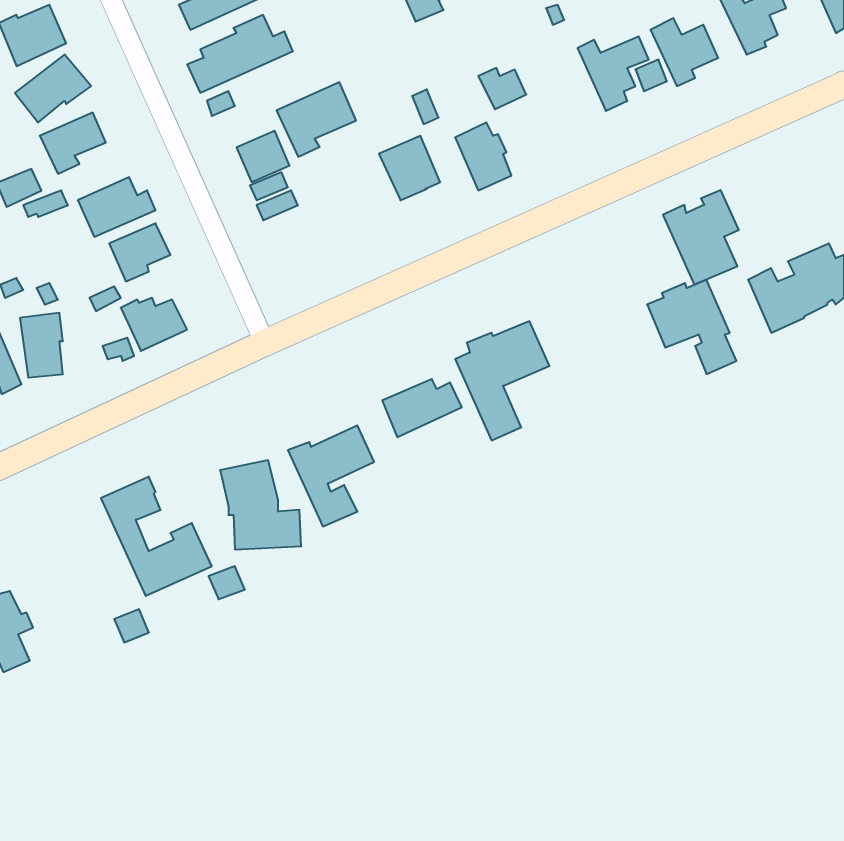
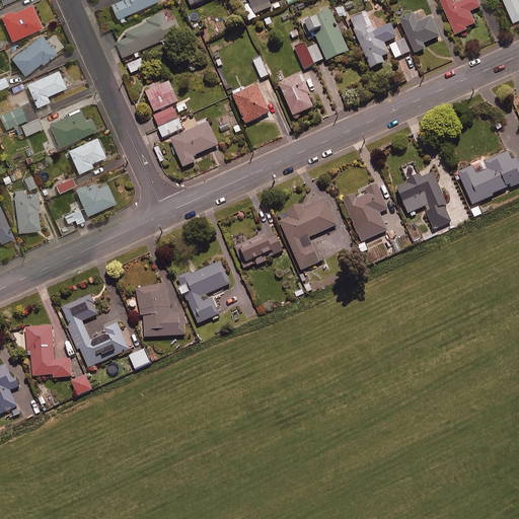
building: none -> [301,10,348,60]
building: [277,82,356,157] -> [169,121,218,166]
building: [663,190,739,284] -> [342,183,388,241]
building: none -> [26,322,73,376]

